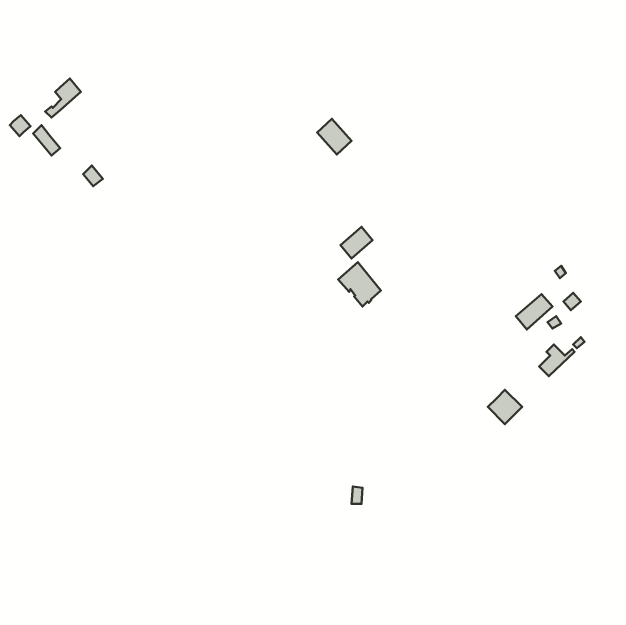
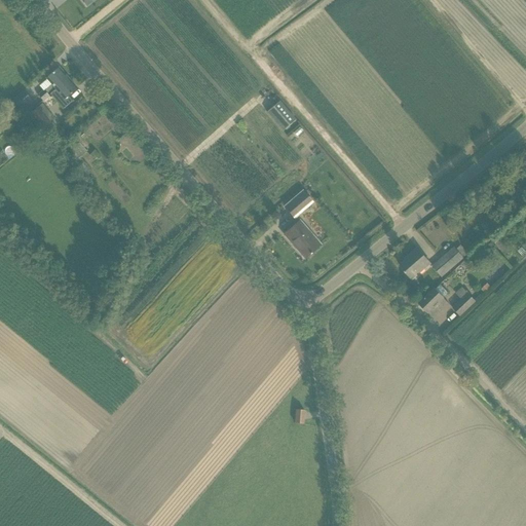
building: none -> [50,77,77,108]
building: none -> [400,248,430,278]
building: [488,390,522,424] -> [419,289,448,317]

